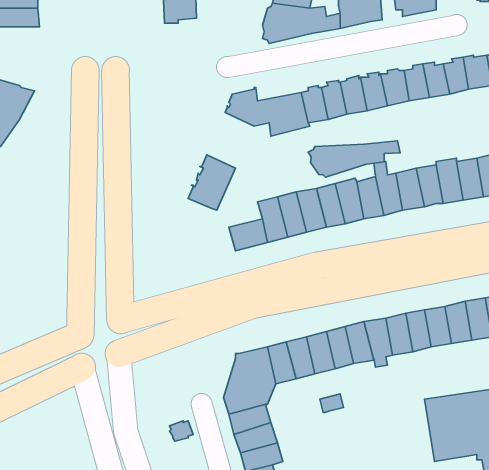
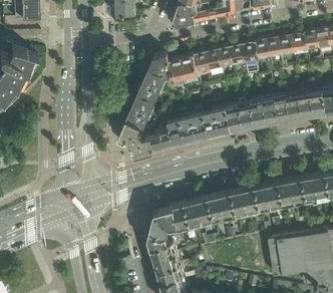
building: none -> [139,68,168,101]
building: [308,141,400,177] -> none
building: none -> [120,119,156,157]

